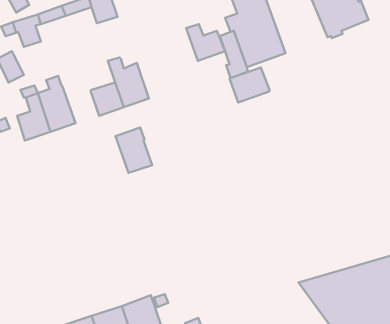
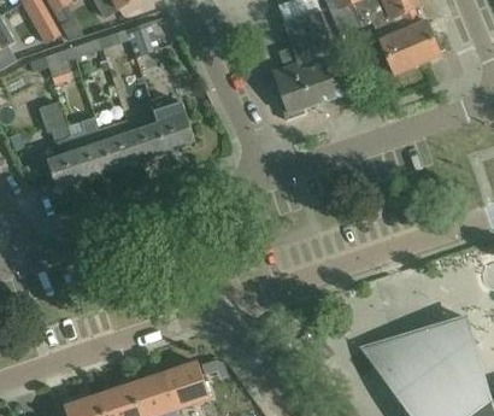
building: [186,24,225,61] -> none
building: [230,67,270,102] -> none
building: [115,128,152,173] -> [98,118,139,169]

